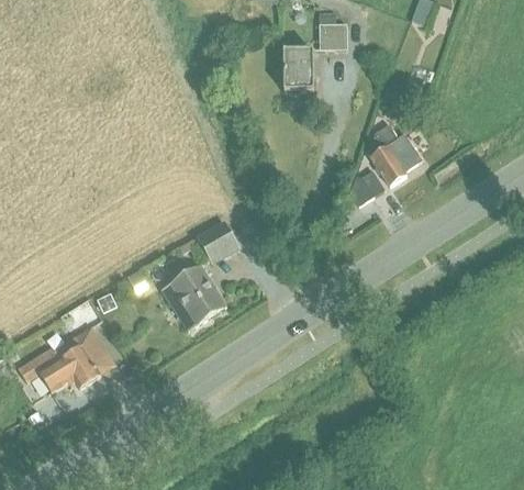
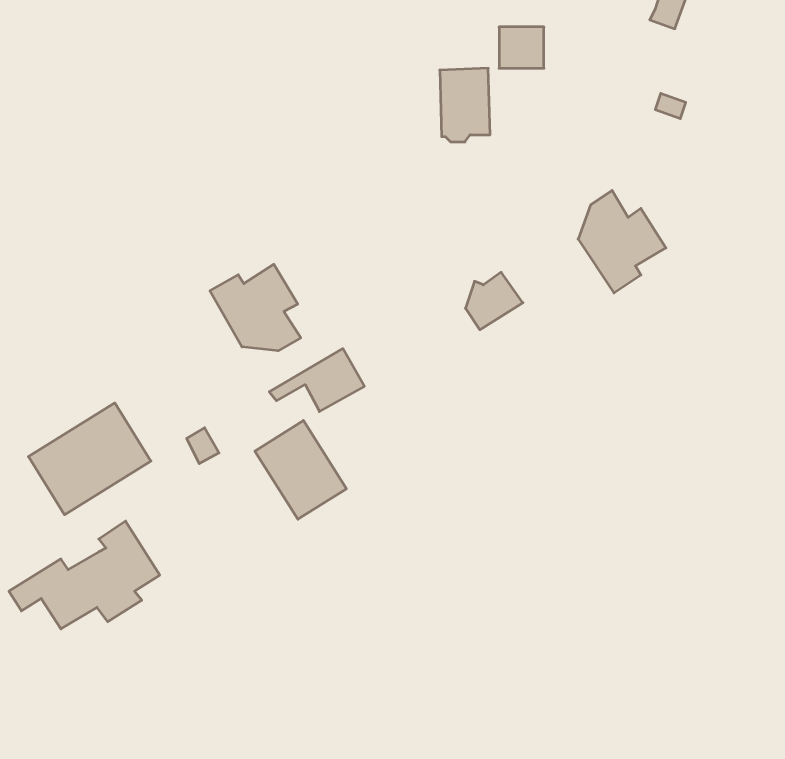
building: none -> [210,264,301,351]
building: [349,169,384,204] -> [465,272,523,330]
building: none -> [28,403,151,515]

